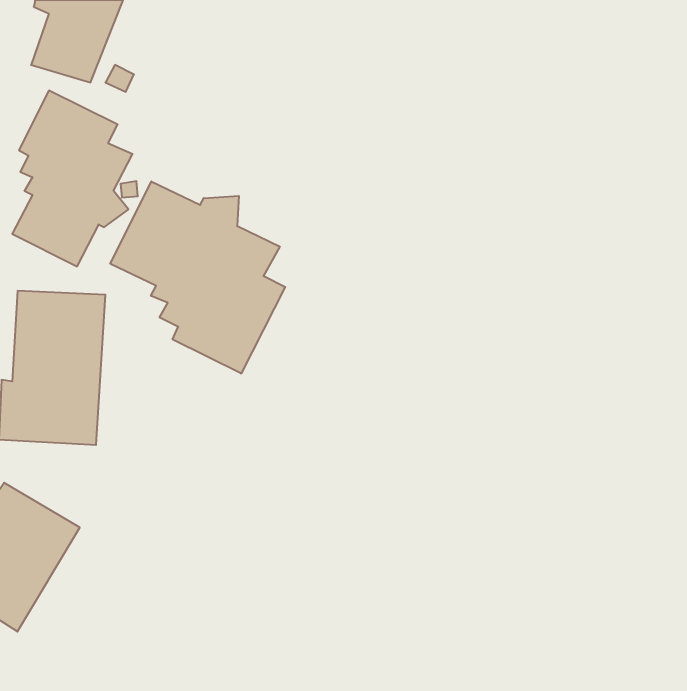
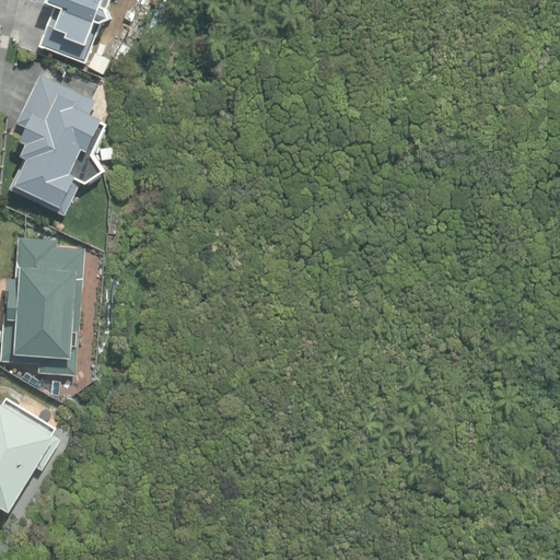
building: [110,181,285,374] -> none

